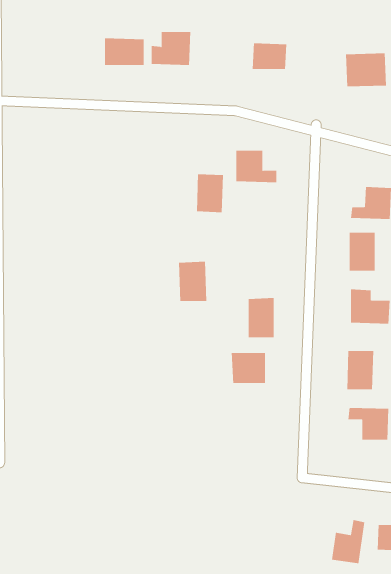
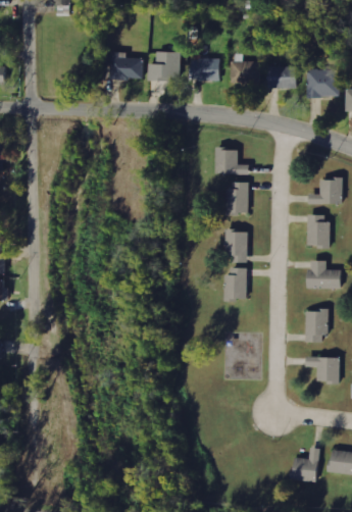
building: none -> [191,58,218,81]
building: none -> [266,66,295,89]
building: [196,174,224,213] -> [227,182,249,213]
building: [178,261,207,302] -> [224,229,248,262]
building: [231,352,266,384] -> none

